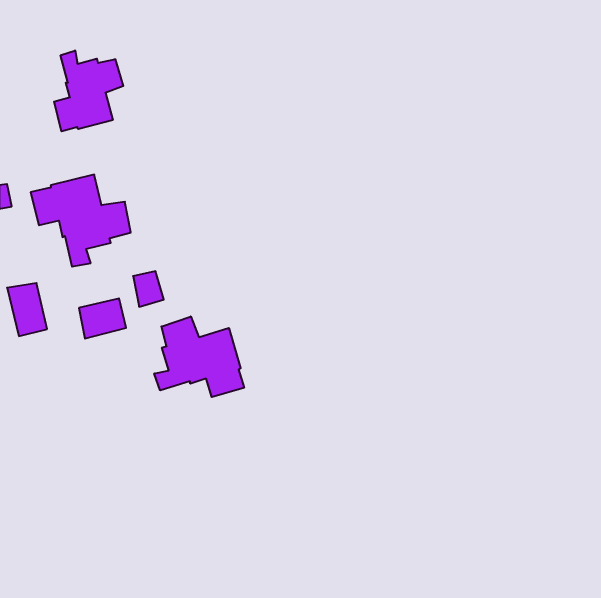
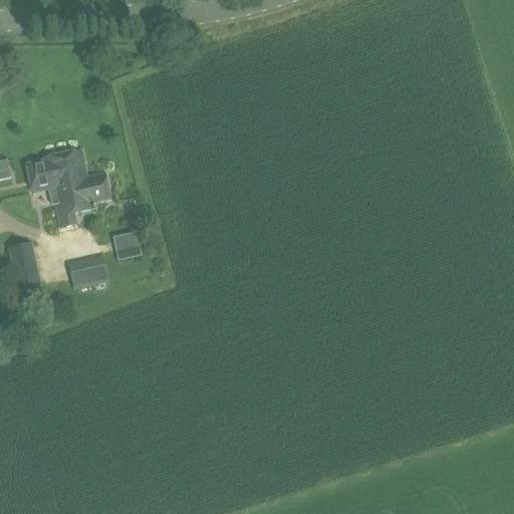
building: [54,50,123,131] -> none
building: [154,316,244,397] -> none

